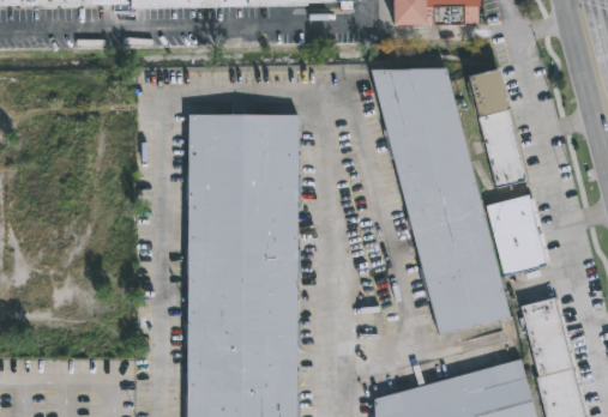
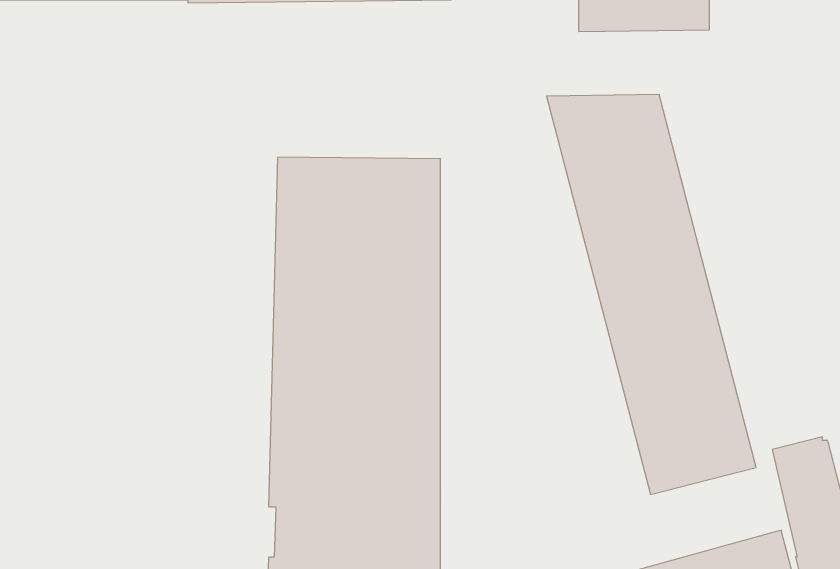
building: [465,67,528,192] -> none
building: [486,195,549,277] -> none

